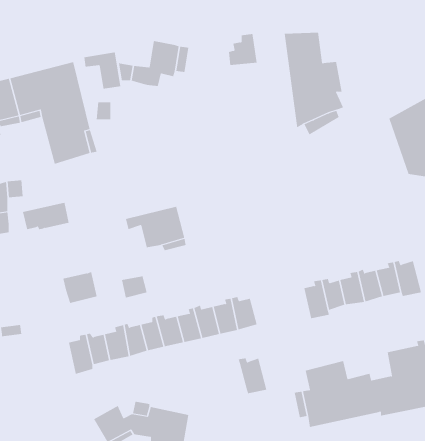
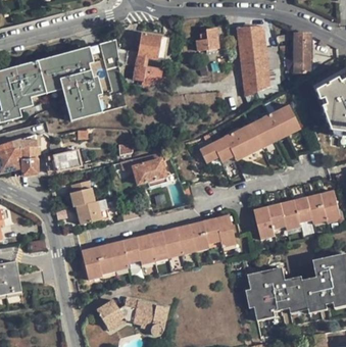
building: none -> [294,35,310,71]
building: none -> [134,65,163,84]
building: none -> [200,105,298,164]
building: none -> [70,183,94,208]
building: [238,358,267,394] -> [212,217,234,244]

